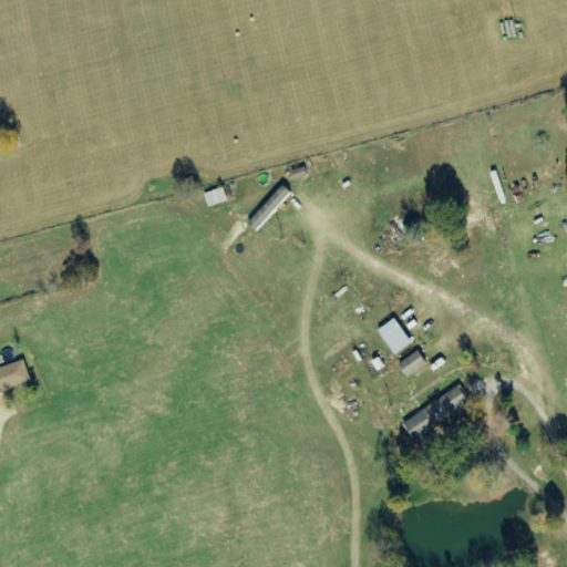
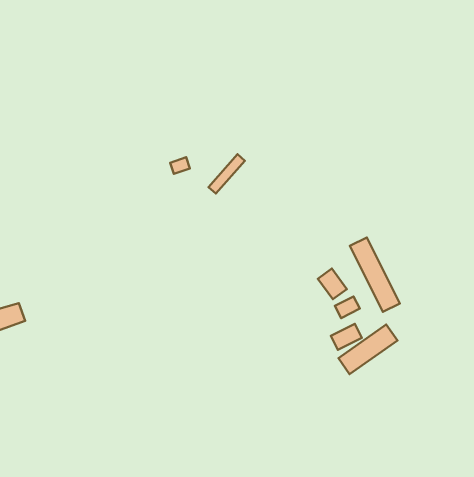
building: none -> [350,237,400,312]
building: none -> [331,324,362,350]

